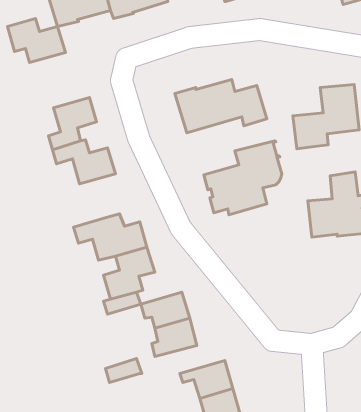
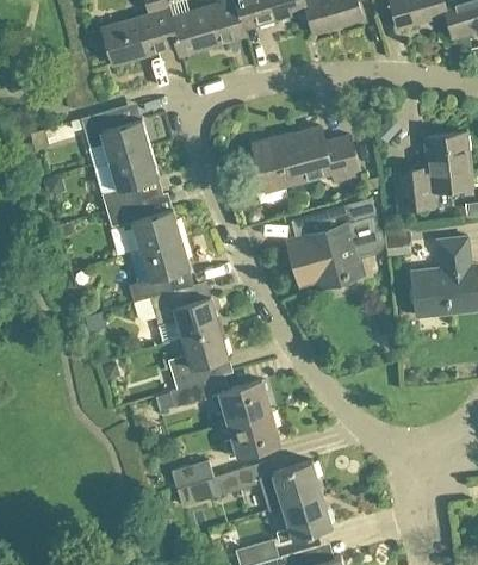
building: [7,18,66,63] -> [82,108,151,161]
building: none -> [129,240,191,303]
building: none -> [211,465,256,497]

